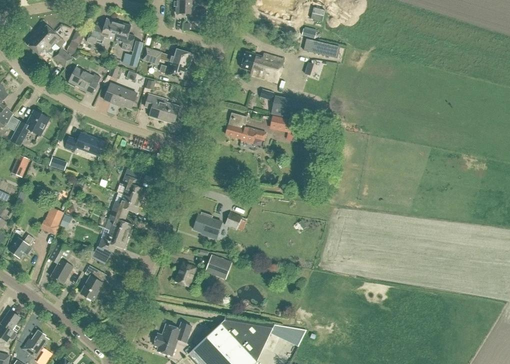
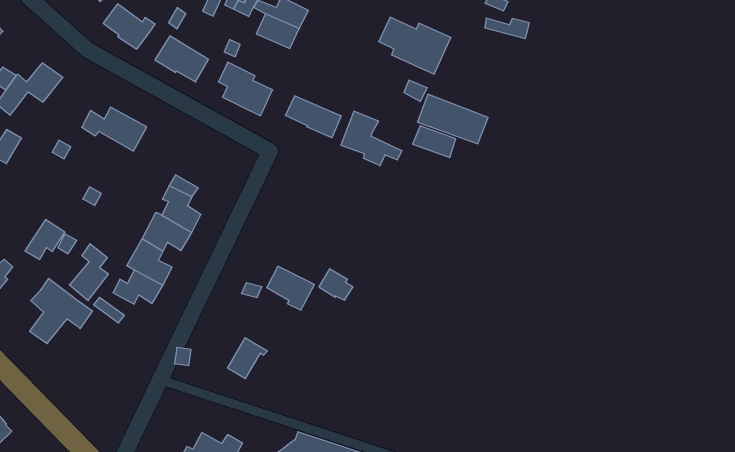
building: none -> [286,96,341,138]
building: [205,253,232,278] -> none
building: [80,264,103,299] -> [69,244,108,301]

